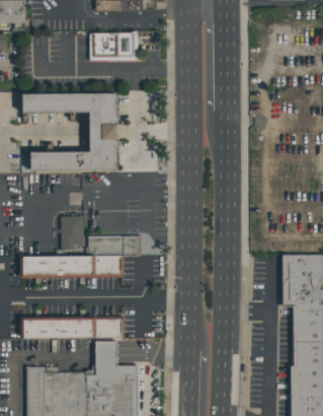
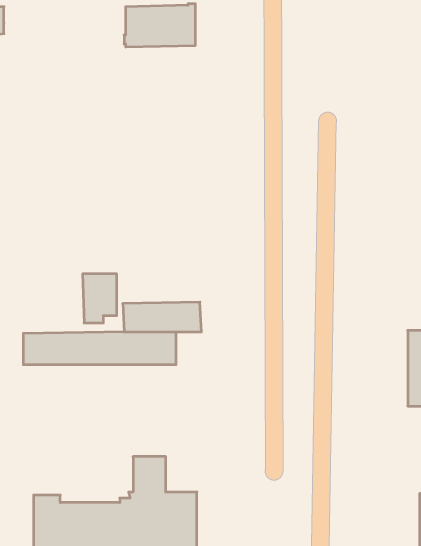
building: [21,92,118,171] -> none
building: [20,317,125,339] -> none

